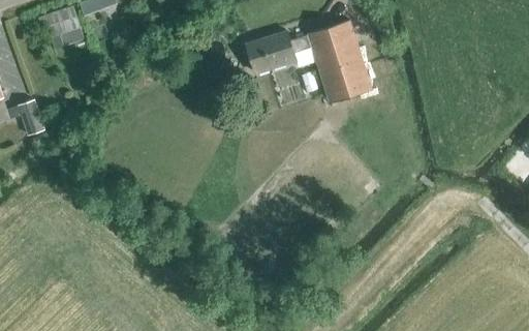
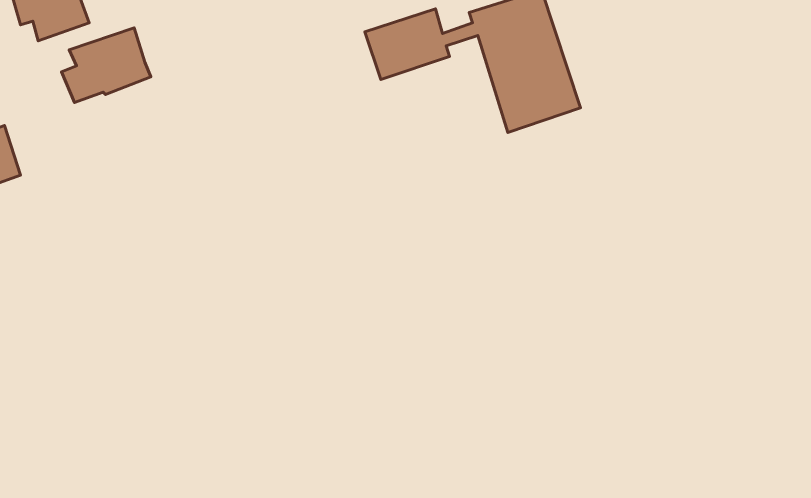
building: none -> [61,28,151,103]

